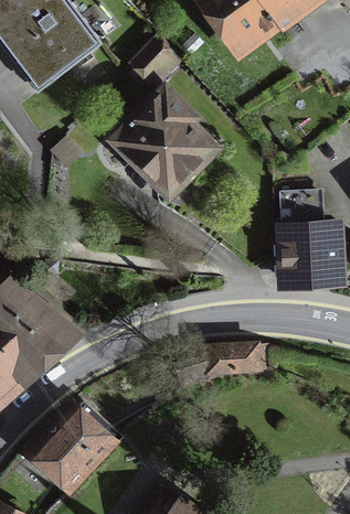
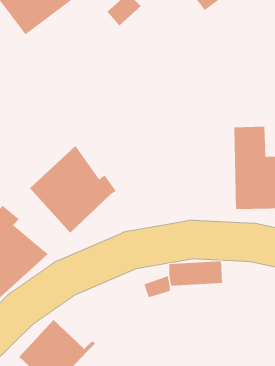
building: [110,79,230,197] -> none
building: none -> [29,145,116,233]

